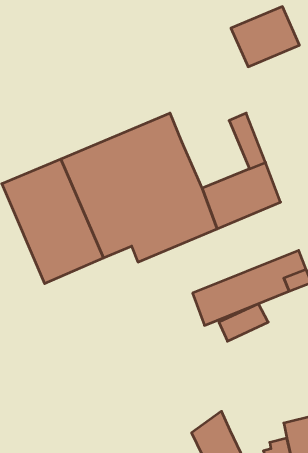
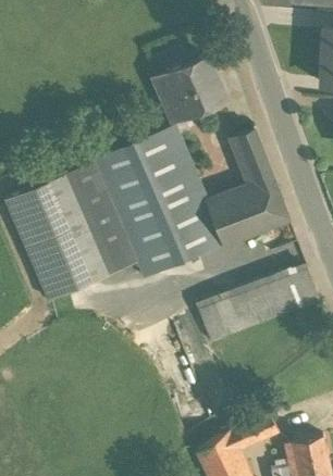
building: [231,7,299,67] -> [155,59,224,120]
building: [219,304,268,341] -> [227,411,278,449]

